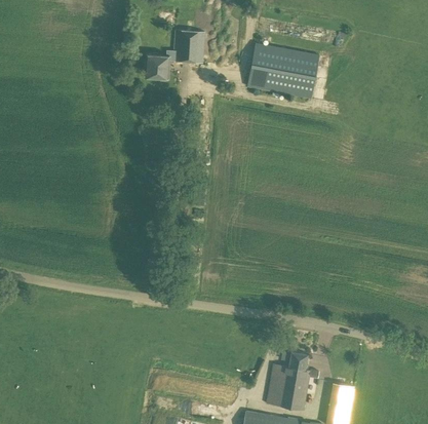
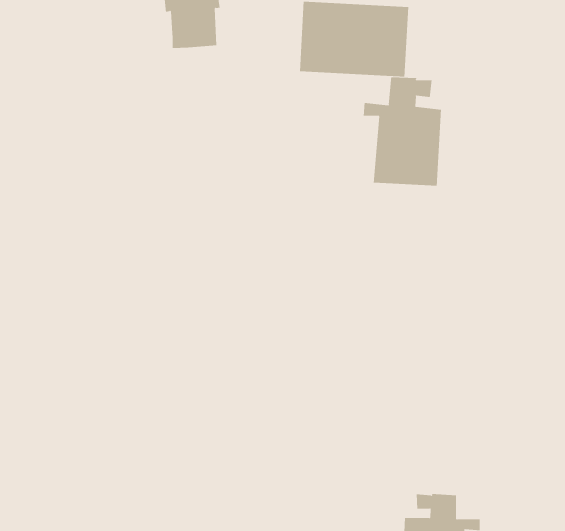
building: [145,51,174,80] -> none
building: none -> [363,77,442,187]

